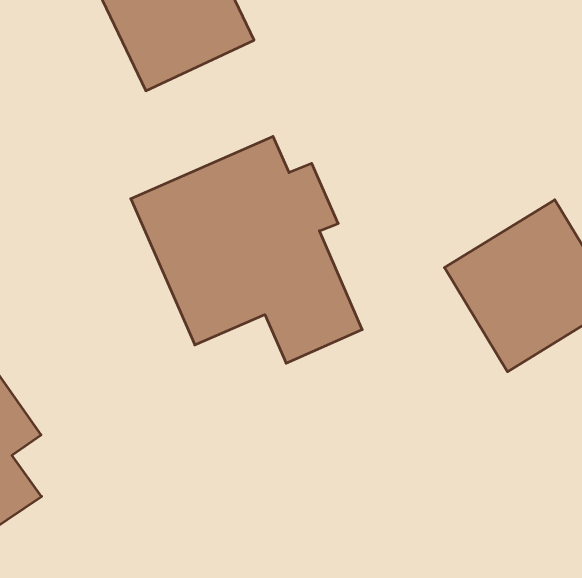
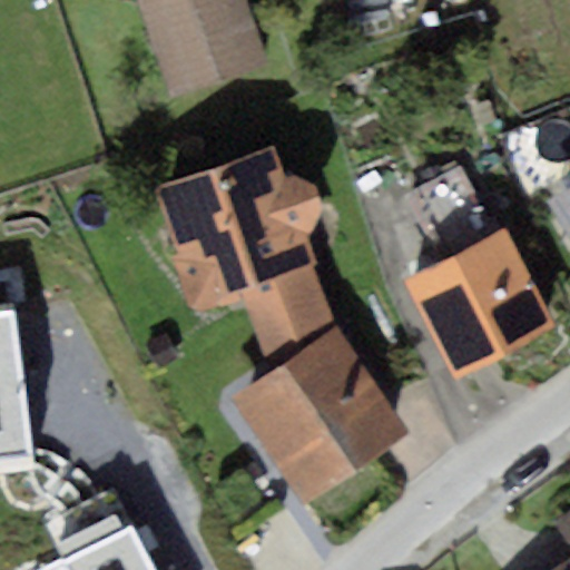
building: none -> [235,328,407,501]

